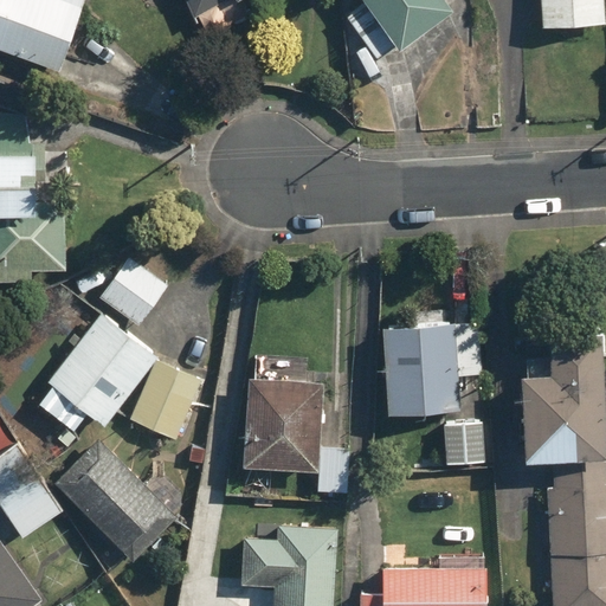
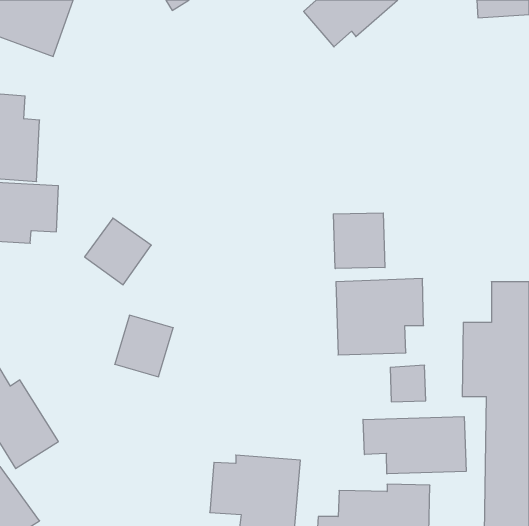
building: none -> [333,213,385,269]
building: [37,315,154,431] -> none
building: [243,361,352,494] -> none
building: [52,436,191,559] -> none
building: none -> [363,417,466,474]

